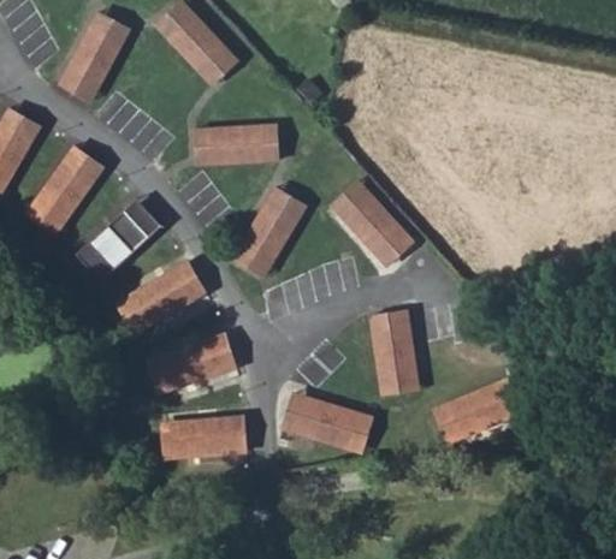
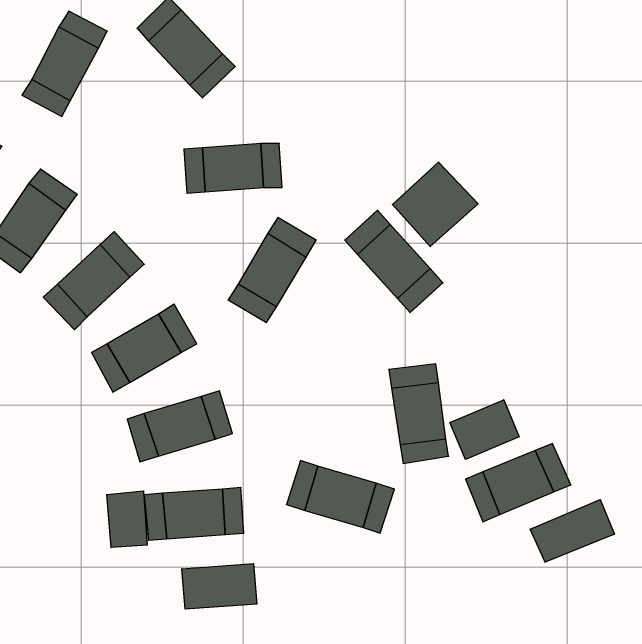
building: none -> [392,162,478,247]
building: none -> [450,400,519,459]
building: none -> [107,491,147,548]
building: none -> [530,500,615,562]
building: none -> [182,564,257,609]

